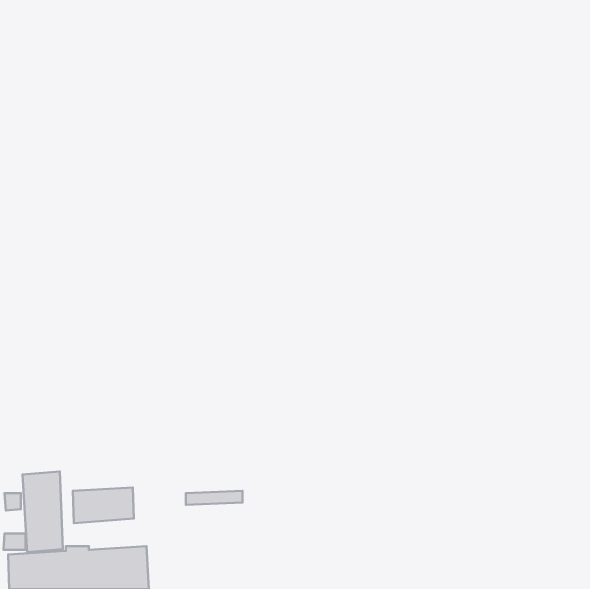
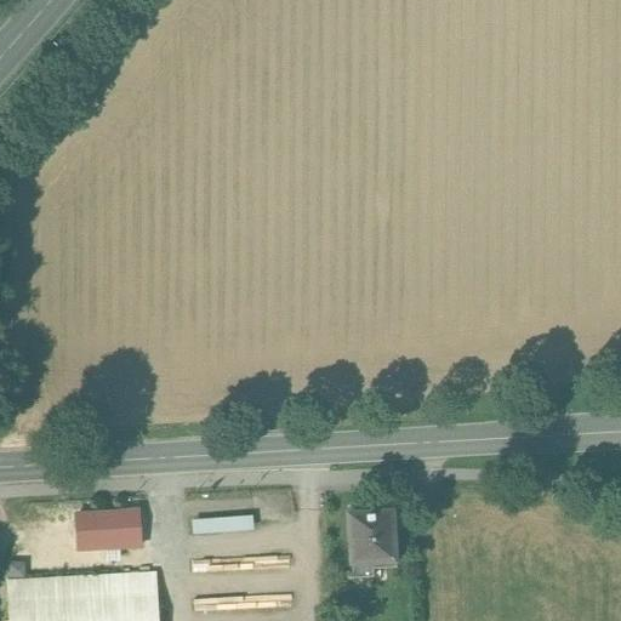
building: [23,471,63,552] -> none
building: none -> [349,513,394,579]

